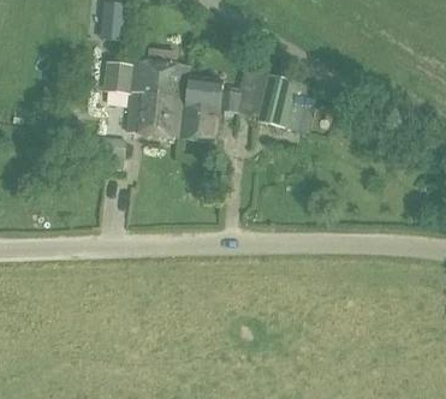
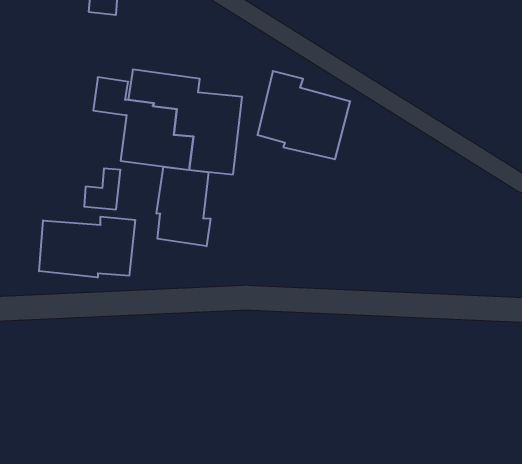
building: none -> [157,167,210,246]
building: none -> [39,217,135,278]

